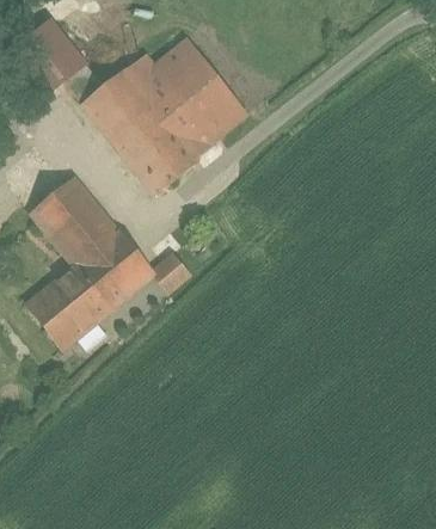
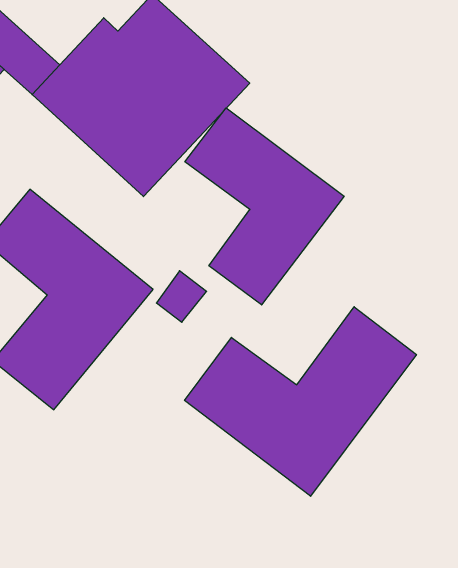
building: none -> [185,108,344,305]
building: none -> [185,307,416,496]

